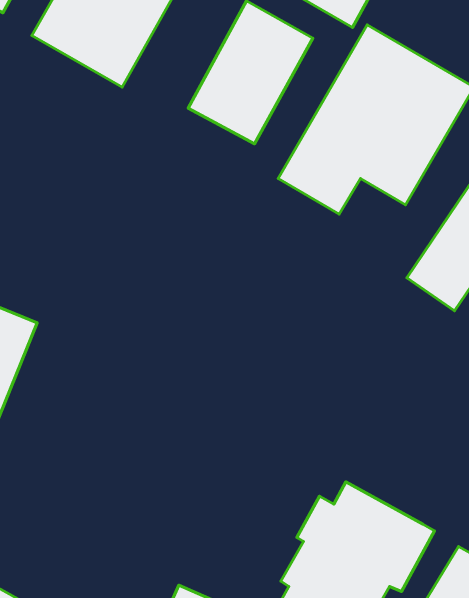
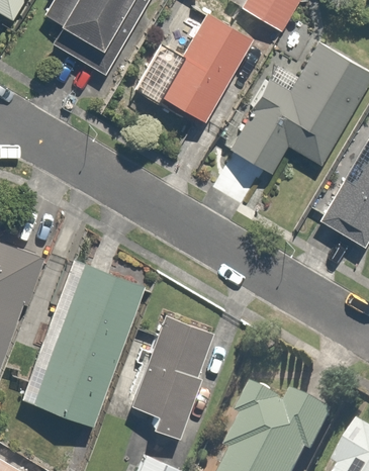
building: none -> [32,262,141,426]
building: none -> [130,312,219,436]

